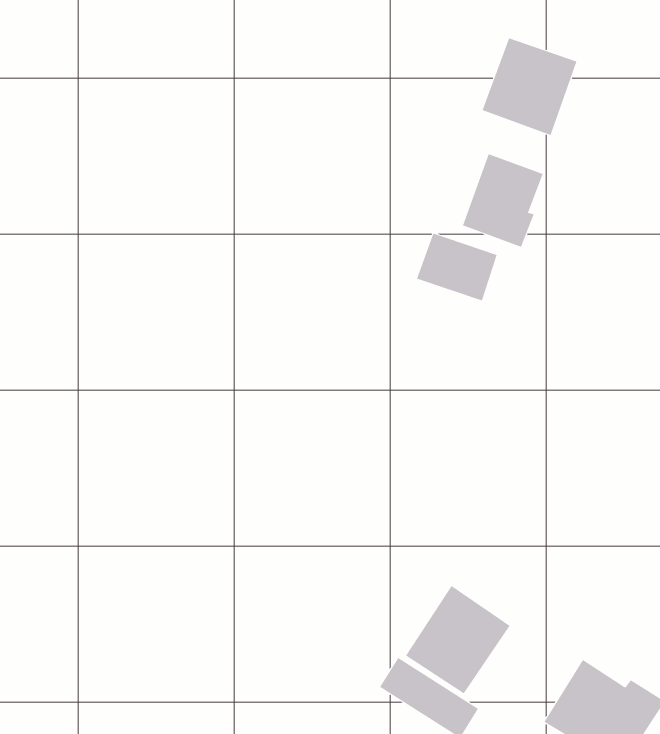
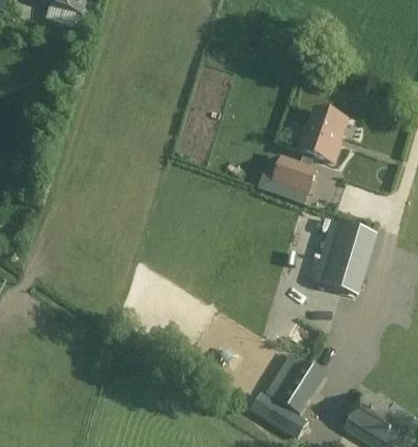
building: [482,37,577,136] -> none
building: none -> [314,220,375,294]

